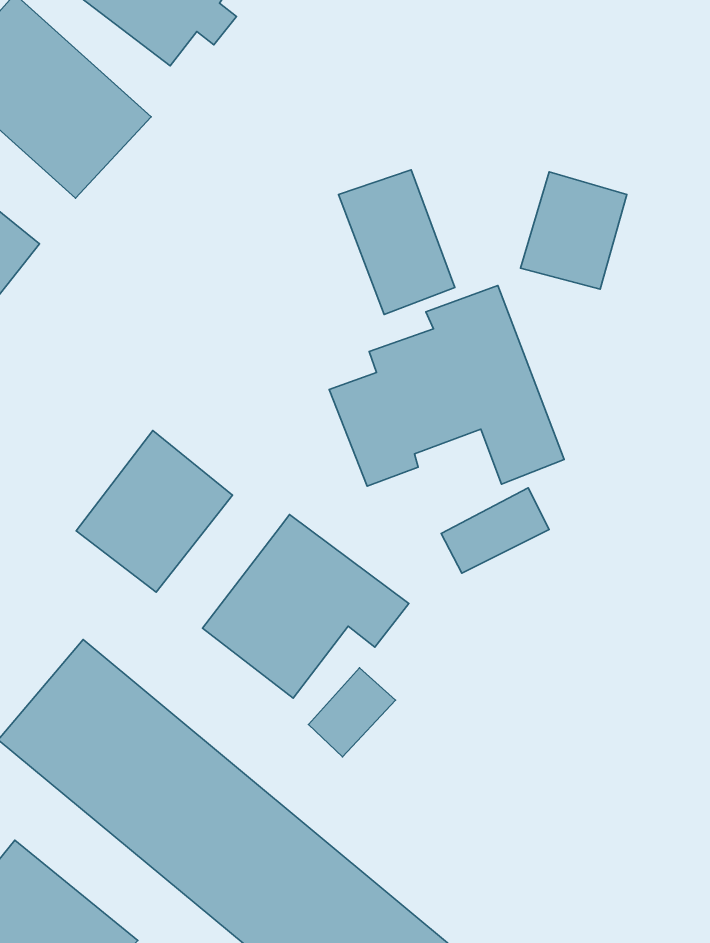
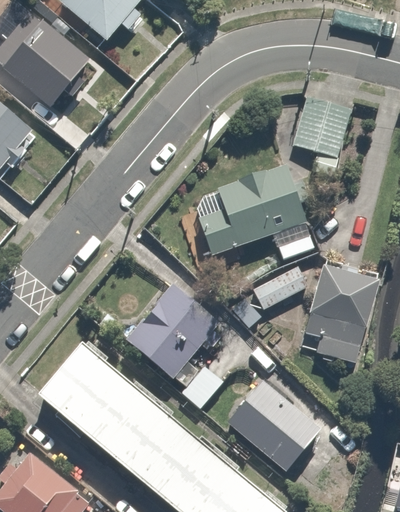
building: [338,170,455,314] -> none
building: [76,431,232,592] -> none
building: none -> [303,258,376,363]
building: none -> [228,380,324,472]

